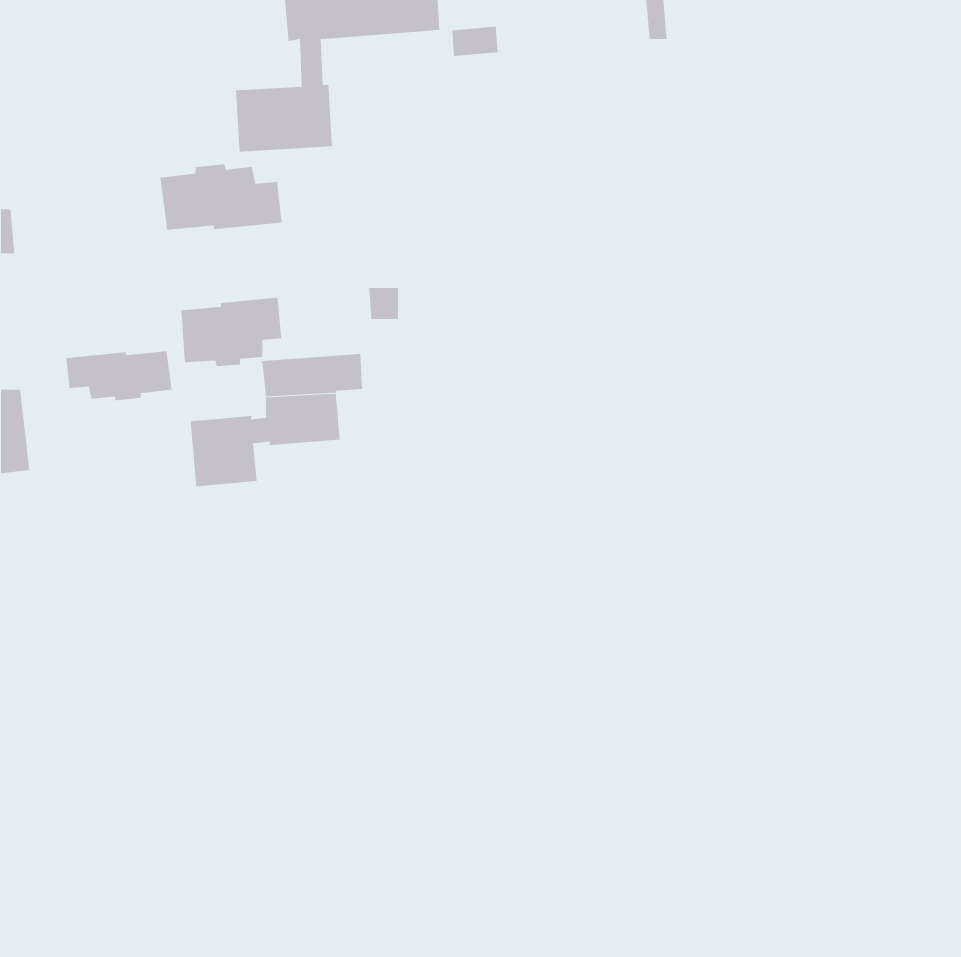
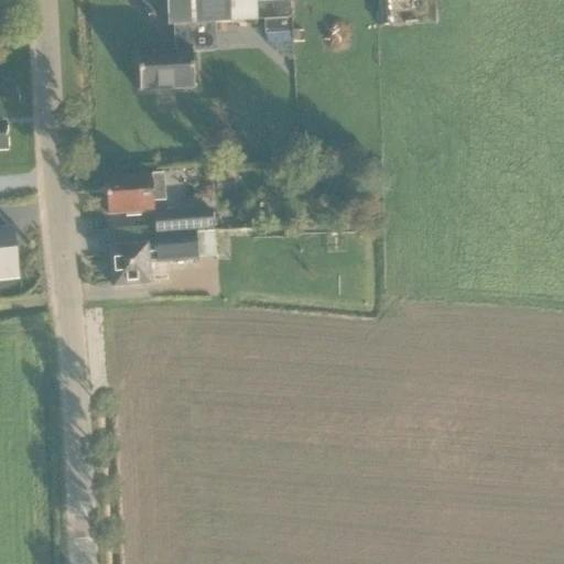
building: [160,163,282,231] -> none
building: [66,350,172,401] -> none

